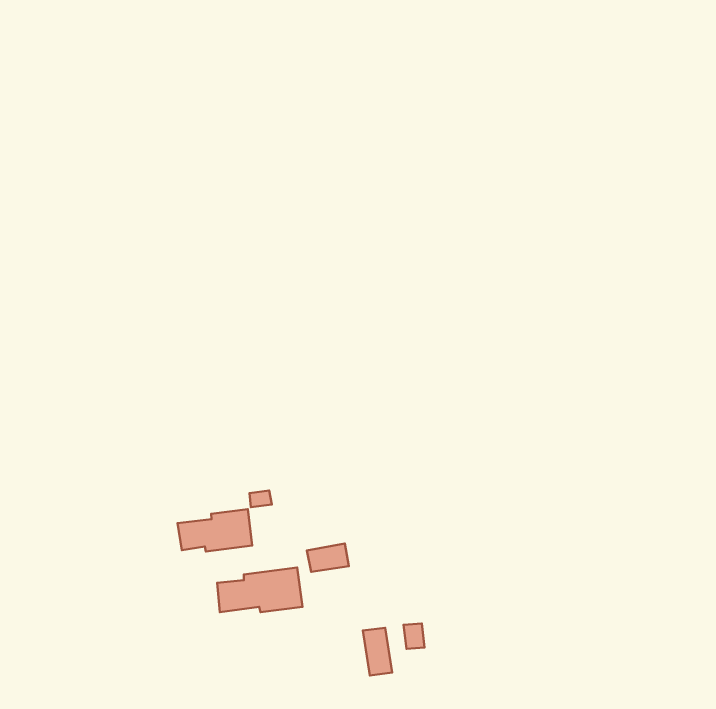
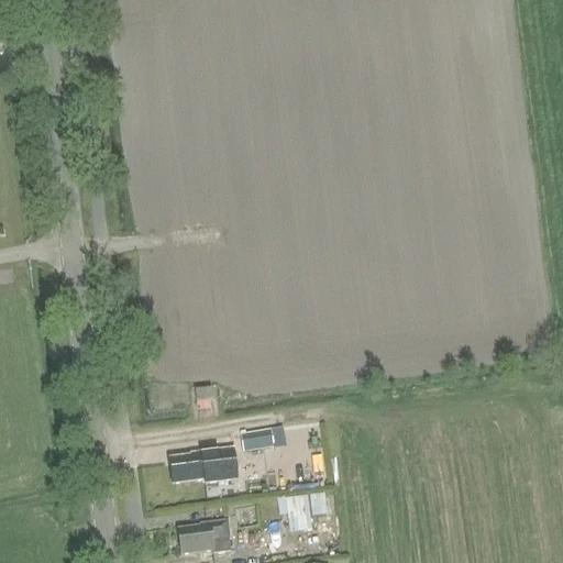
building: [177,509,252,552] -> none
building: none -> [178,519,231,552]

